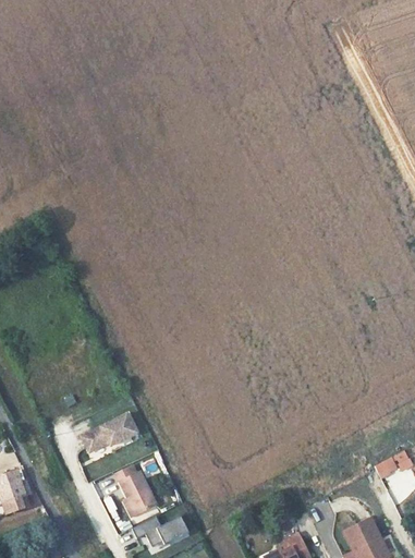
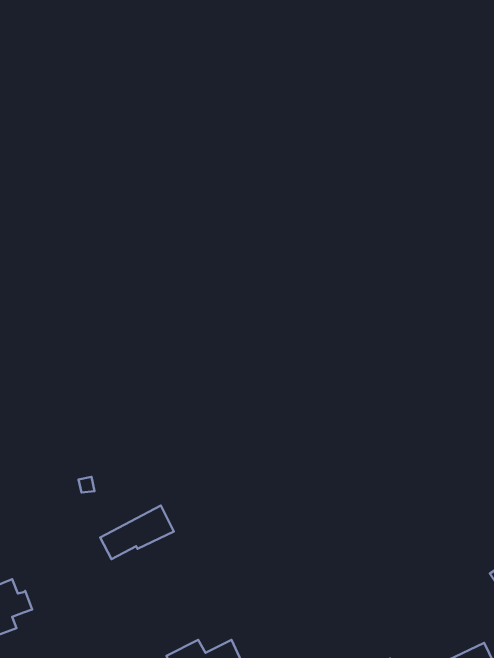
building: [118,469,156,520] -> none

